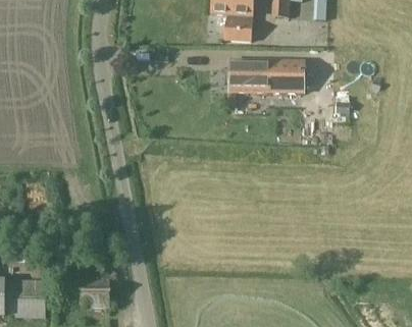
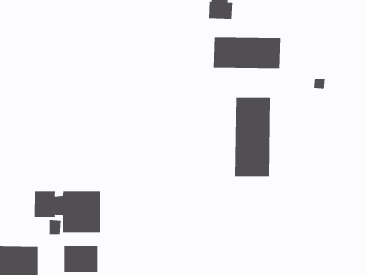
building: none -> [235,97,271,177]
building: none -> [34,191,100,233]

